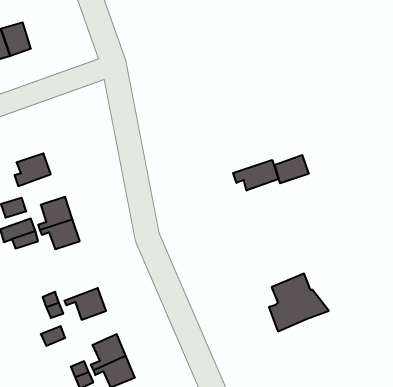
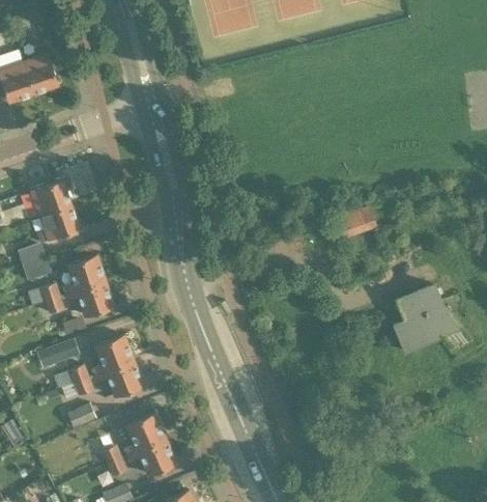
building: none -> [31,182,70,217]
building: [233,160,279,191] -> none
building: none -> [92,336,133,375]
building: none -> [36,337,80,367]
building: [269,274,329,331] -> [394,286,462,353]

